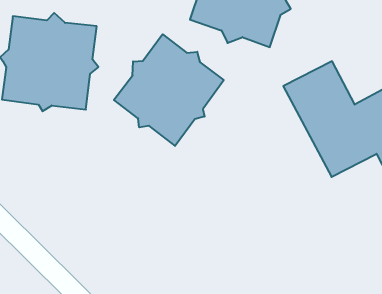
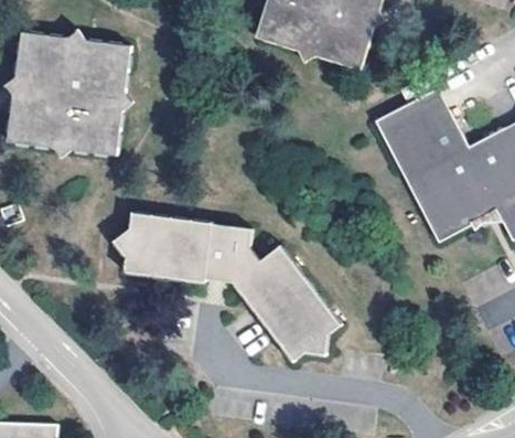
building: [114,34,224,146] -> none
building: none -> [112,212,341,360]

